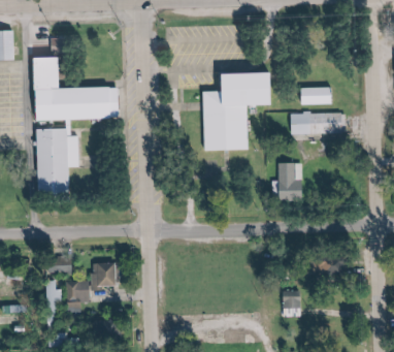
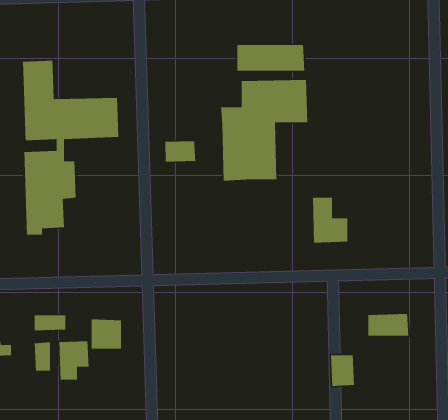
building: [302,87,332,104] -> none
building: [281,114,335,135] -> [237,44,305,71]
building: none -> [165,140,196,162]

